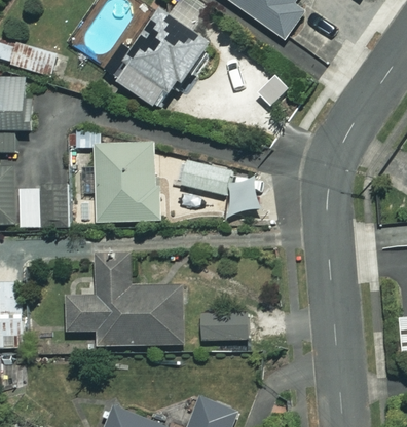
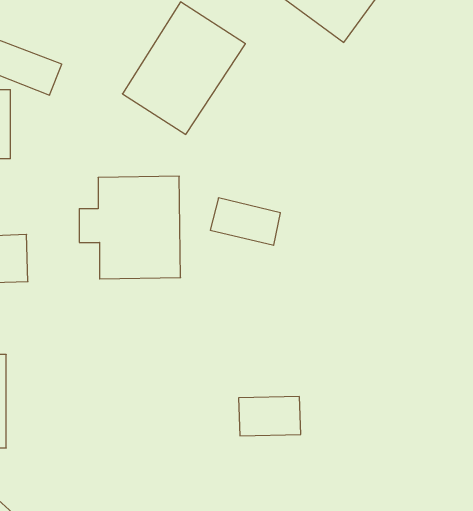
building: [66,256,186,344] -> none

